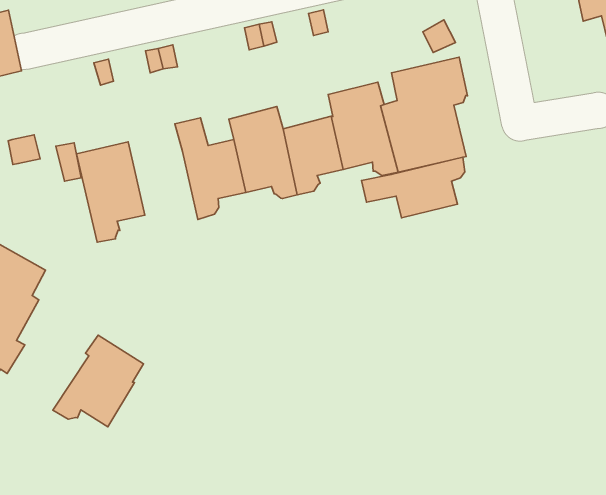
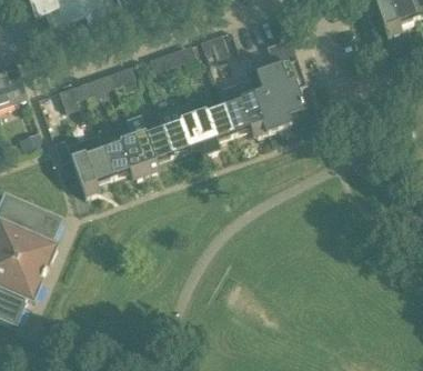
building: none -> [102,134,147,179]
building: [361,157,465,218] -> none
building: [53,335,143,427] -> none

